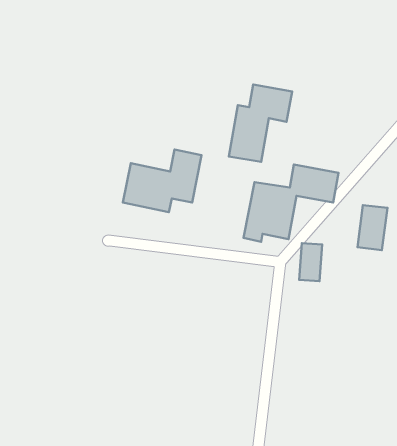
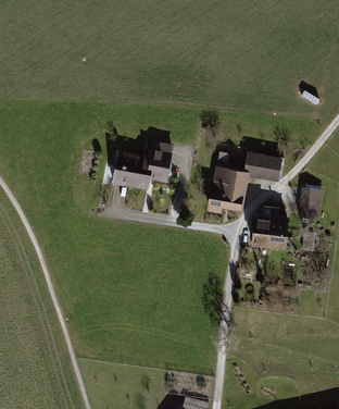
building: [229,84,292,162] -> none
building: none -> [268,215,287,246]

